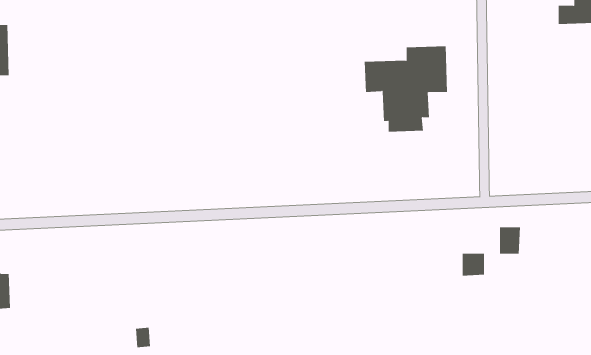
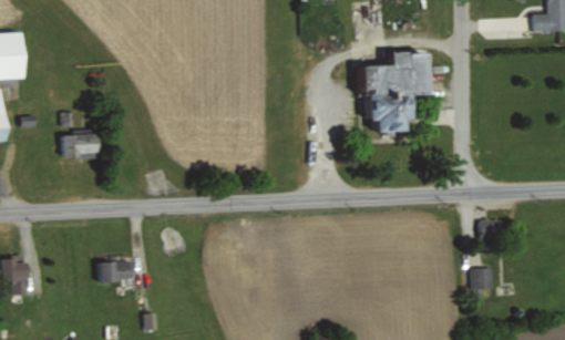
building: none -> [60,134,100,156]
building: [462,253,485,276] -> [471,268,492,289]
building: none -> [96,261,133,281]

